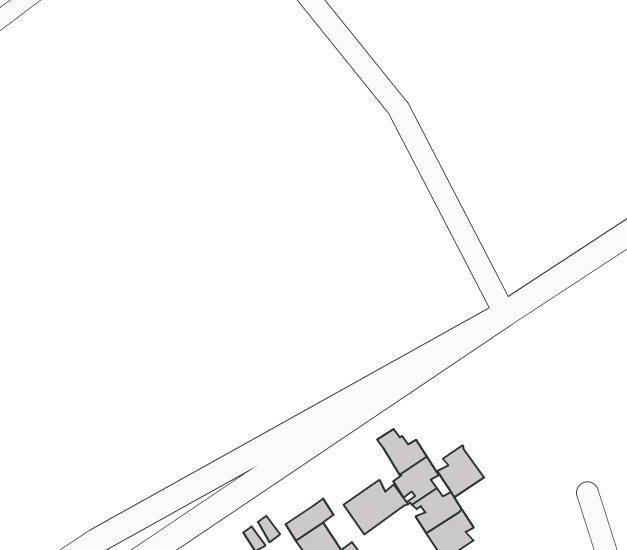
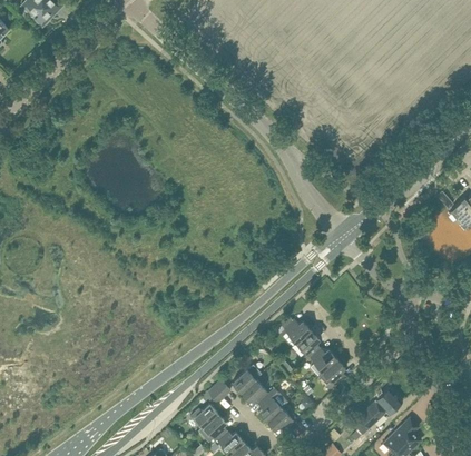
building: [437,445,484,497] -> none
building: [344,480,408,534] -> none

